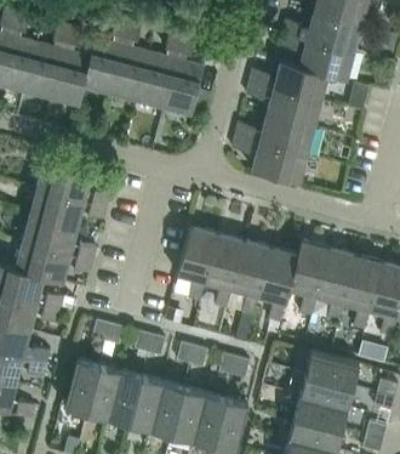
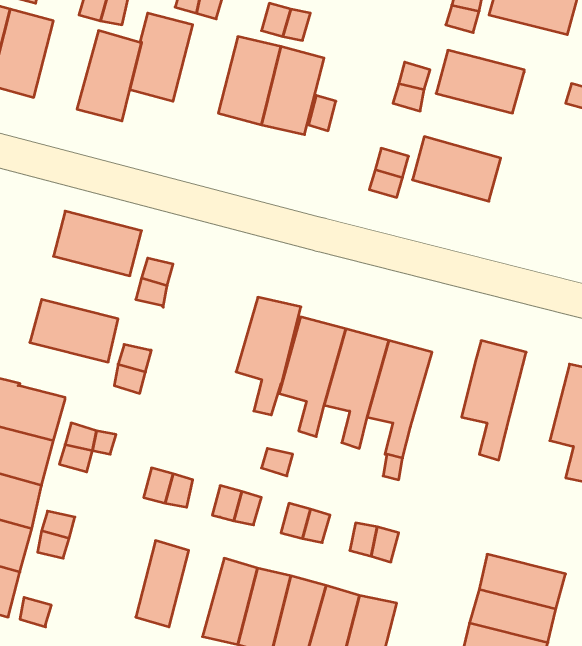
building: [299,40,354,80] -> none
building: [24,44,64,98] -> none
building: [110,46,150,101] -> none
building: [265,89,320,129] -> none
building: [251,142,305,183] -> none
building: [29,189,84,228] -> none
building: [15,243,70,283] -> none
building: [257,249,297,322] -> [236,297,301,415]
building: [316,249,355,323] -> none
building: [304,352,358,386] -> none
building: [64,359,99,413] -> none
building: [108,371,142,425] -> none

